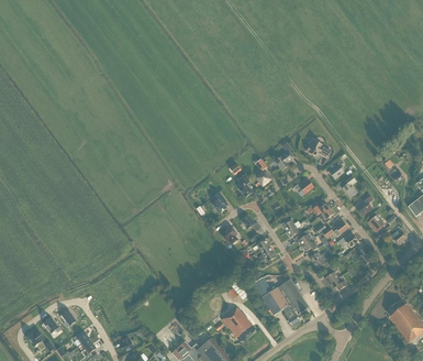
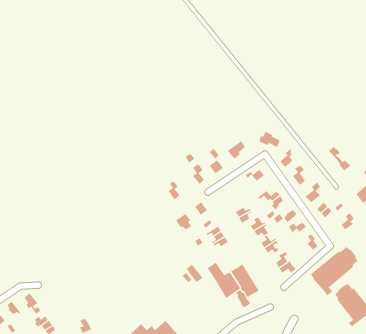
building: none -> [310,246,358,296]
building: [221,307,255,342] -> none

